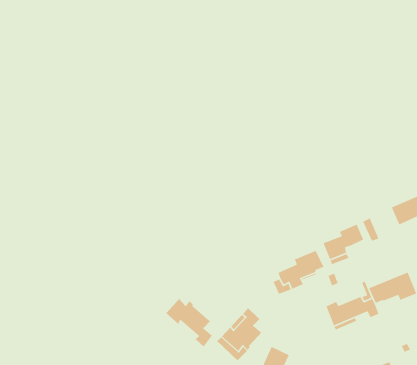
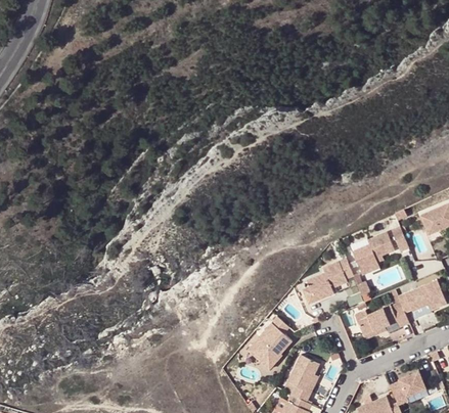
building: [165,298,213,347] -> none

